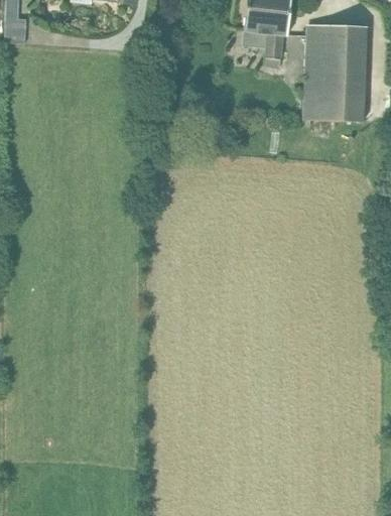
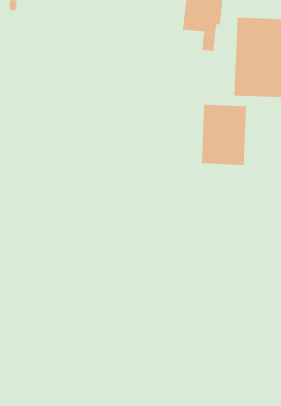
building: none -> [202,104,246,166]

